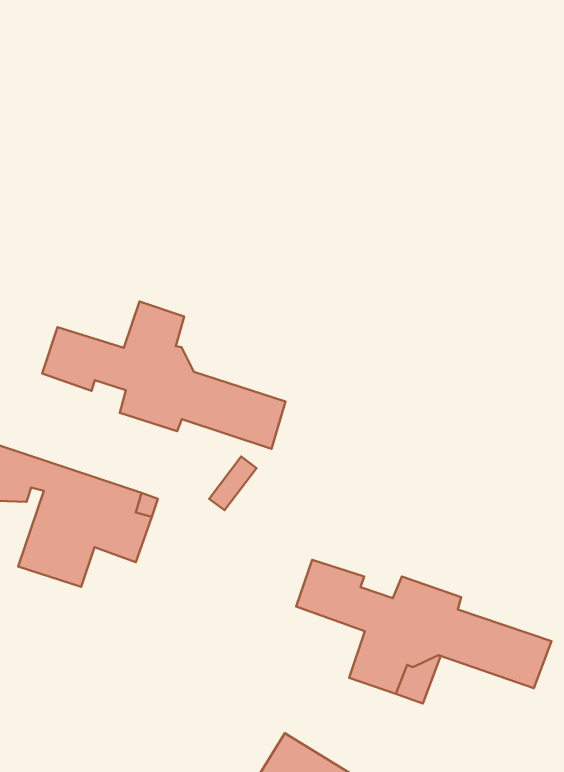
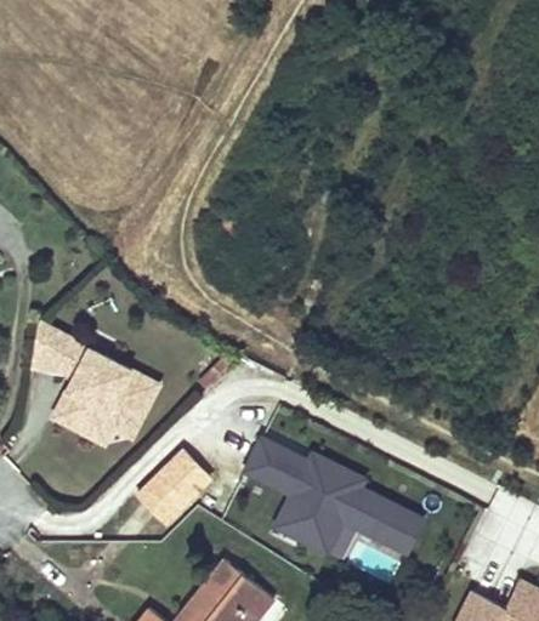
building: [42,302,286,449] -> none
building: none -> [143,443,215,515]

